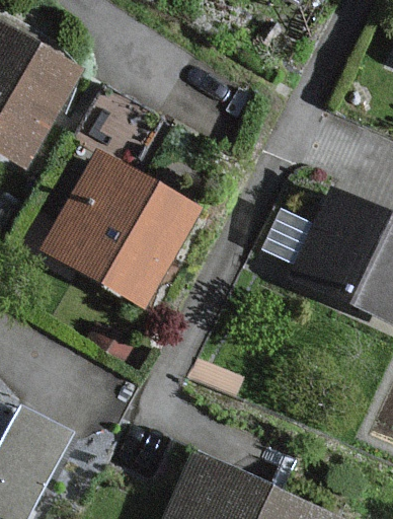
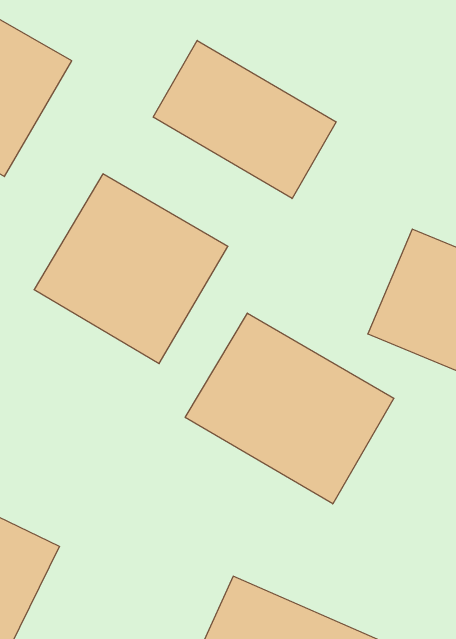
building: none -> [153,40,336,199]
building: none -> [185,313,394,504]

